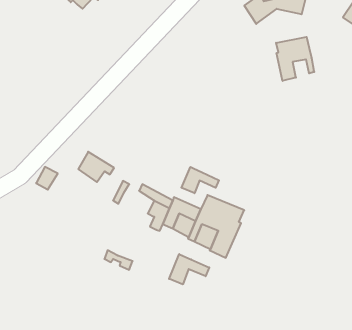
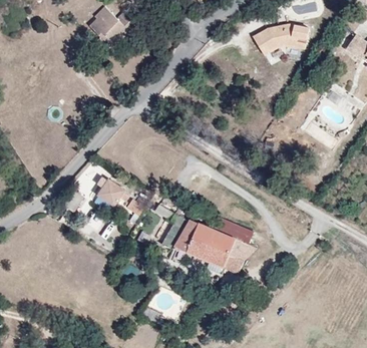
building: [276,37,314,81] -> none
building: [181,167,219,193] -> none
building: [169,254,209,284] -> none

